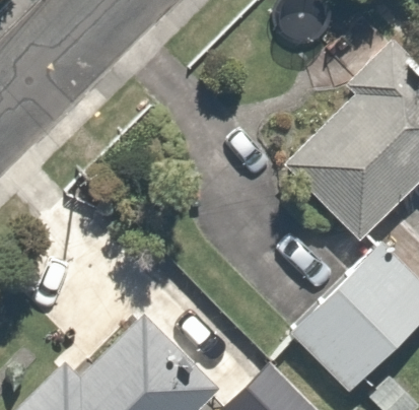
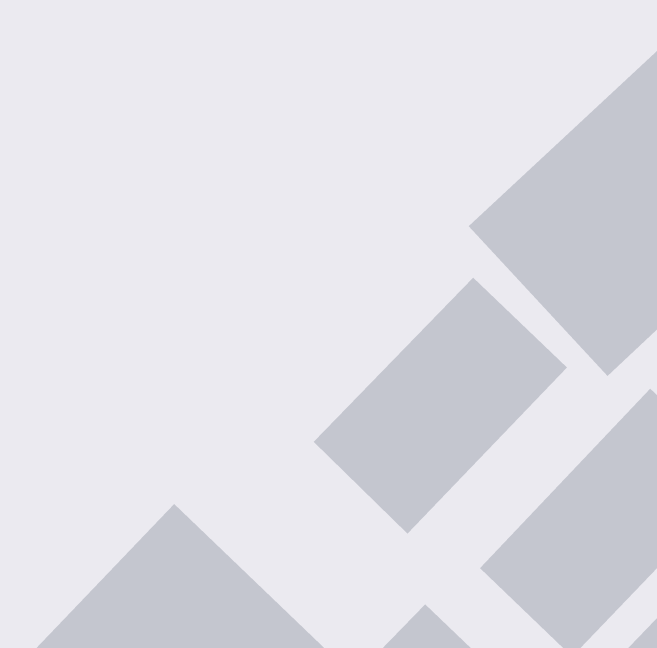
building: none -> [313,277,568,534]

